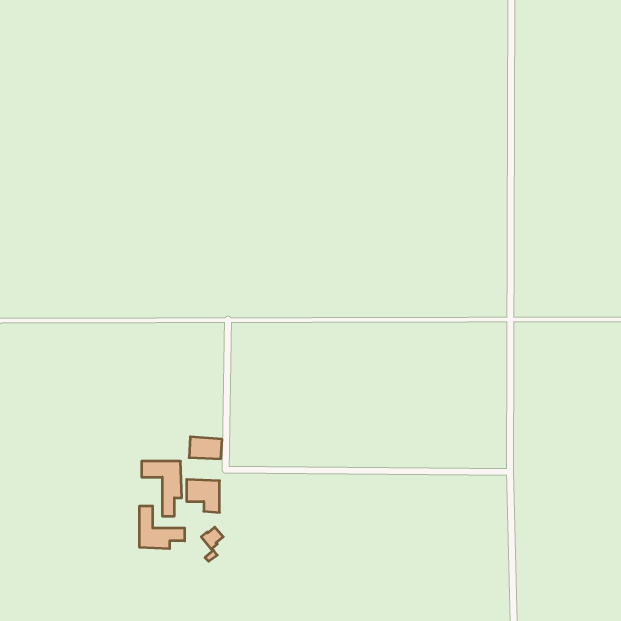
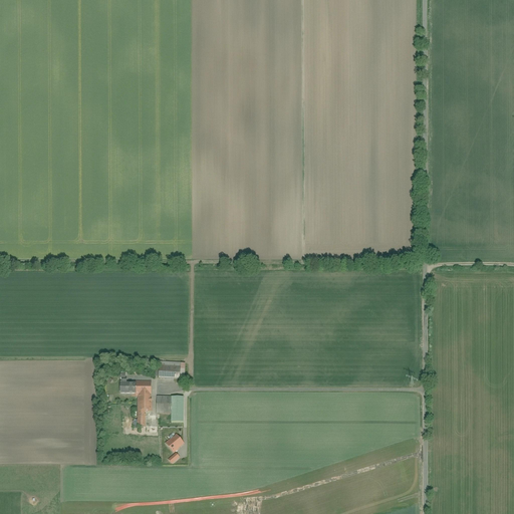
building: [140,506,185,549] -> none

